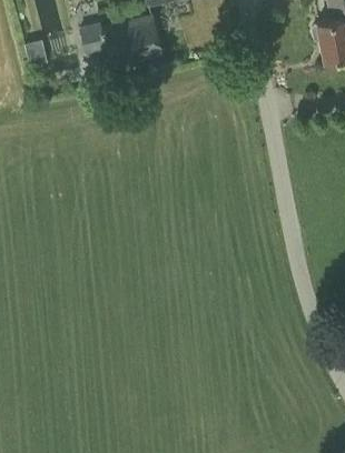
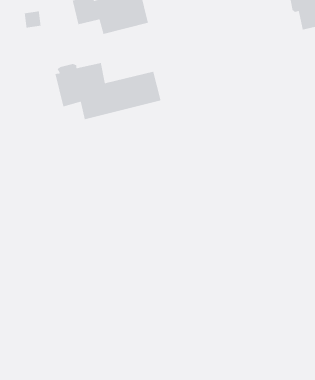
building: none -> [55,62,162,120]

